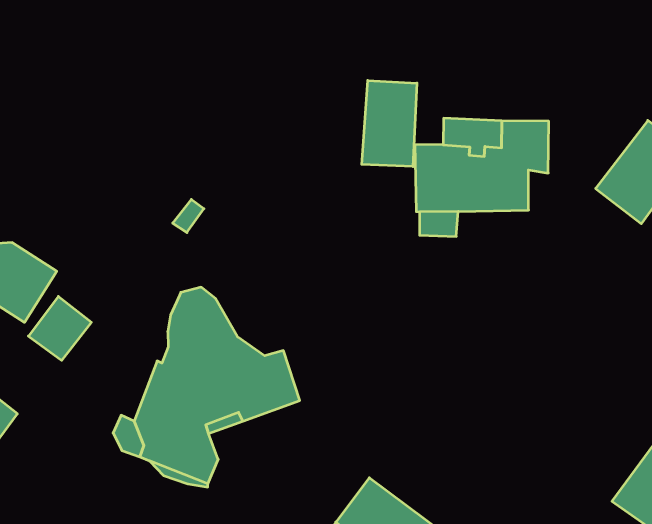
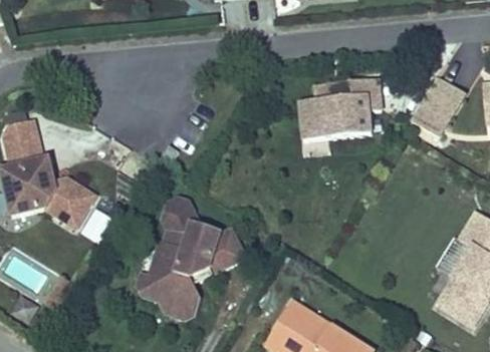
building: [362,80,417,167] -> none

